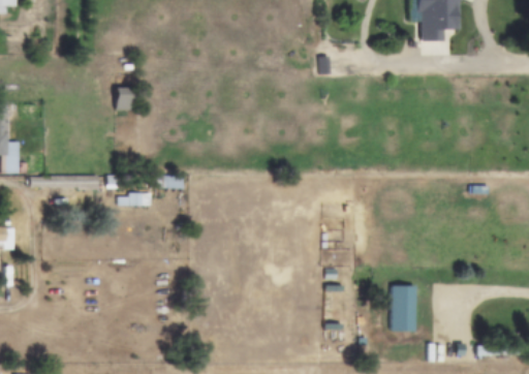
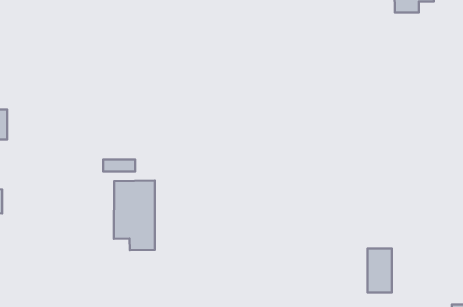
building: [116,87,135,108] -> none
building: none -> [114,180,155,250]

